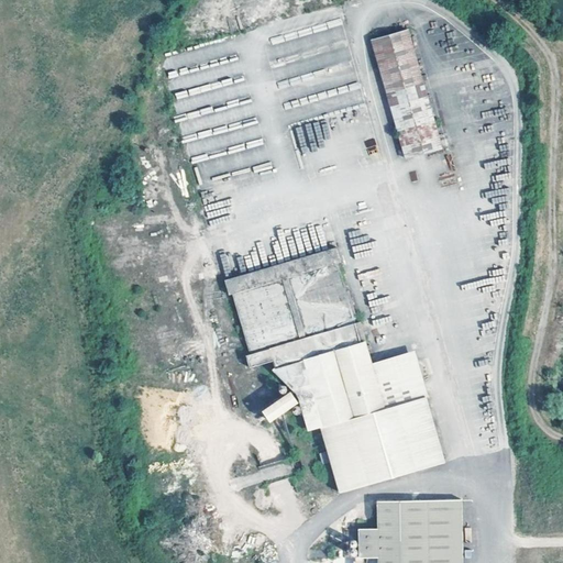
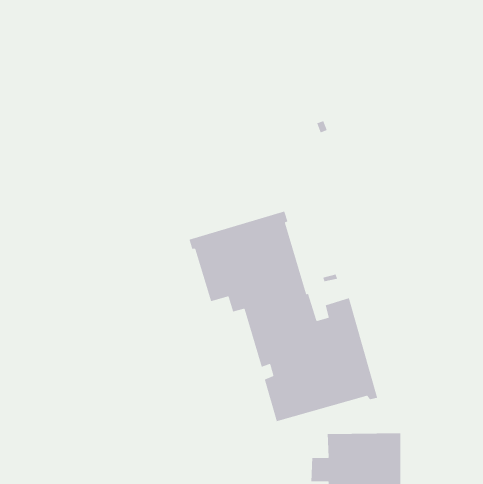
building: [375,33,452,172] -> none

